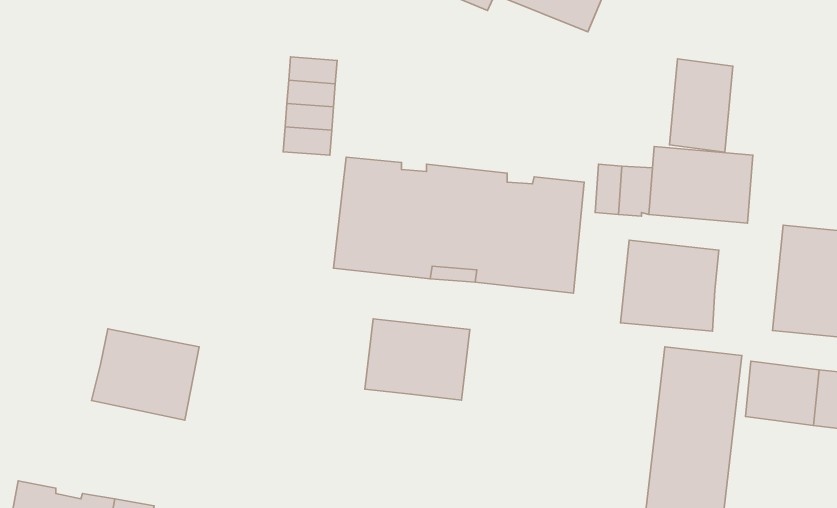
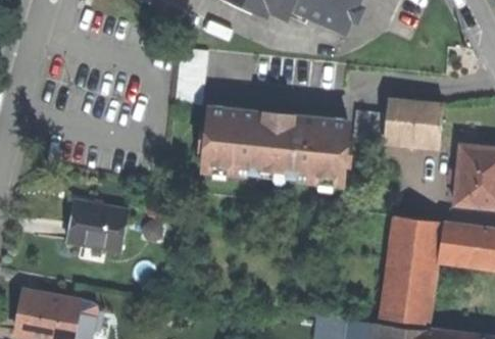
building: [670,59,733,152] -> none
building: [620,240,719,331] -> none
building: [365,319,470,400] -> none

